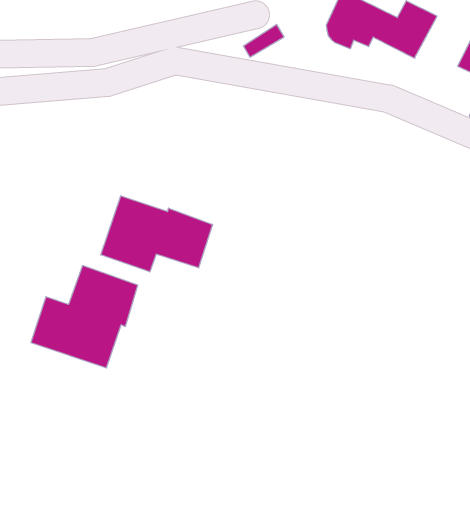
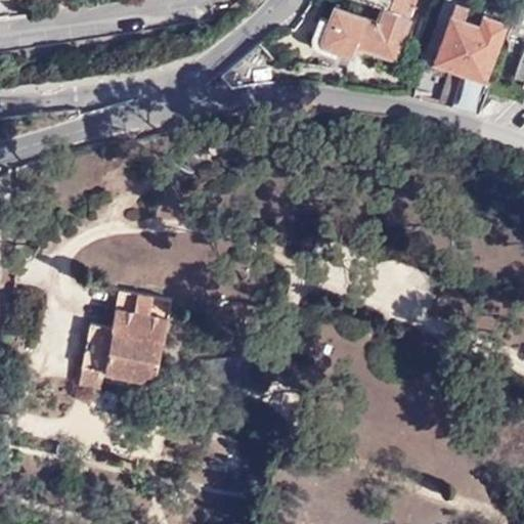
building: [101,196,212,272] -> none

